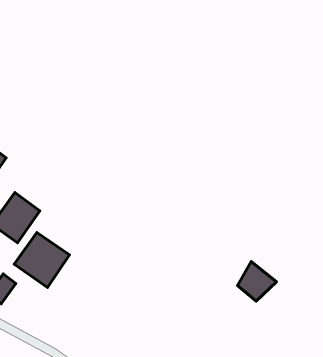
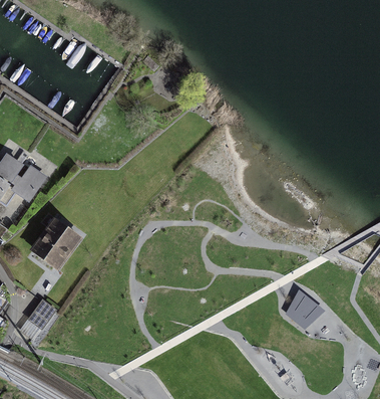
building: [14,233,69,287] -> none

